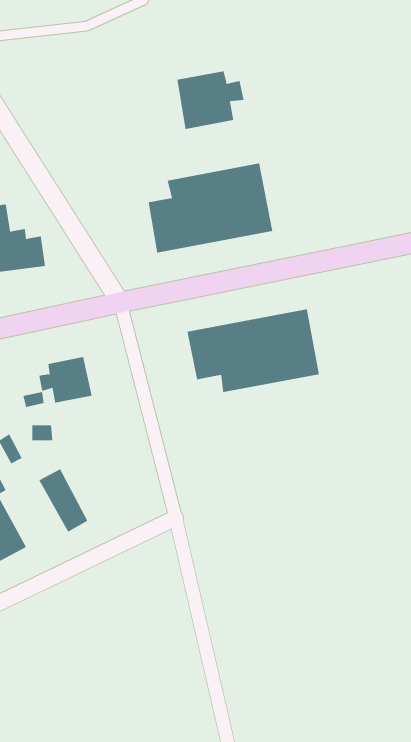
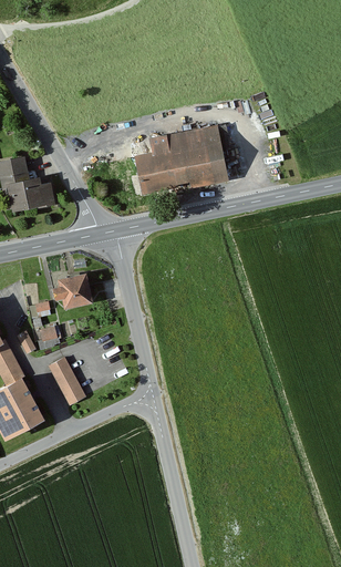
building: [177,70,244,130] -> none
building: [187,309,319,393] -> none

